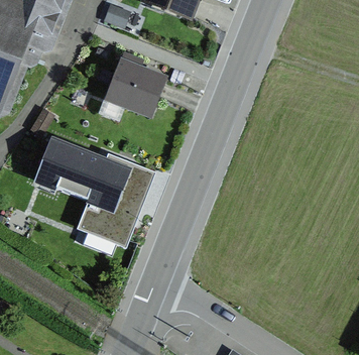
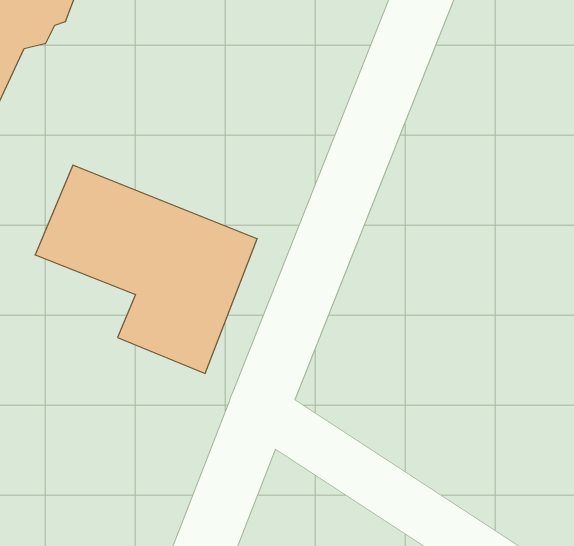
building: [104,56,167,116] -> none

